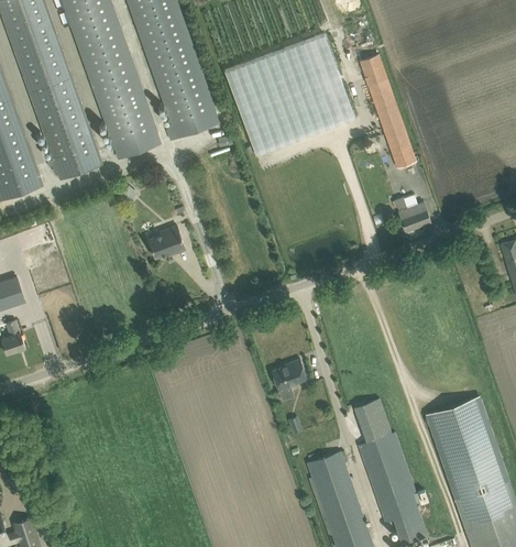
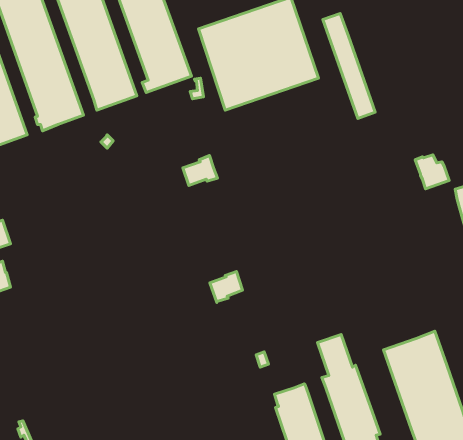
building: [394,195,430,231] -> [415,155,449,189]
building: [147,226,185,258] -> [183,156,218,185]
building: [271,359,306,392] -> [210,272,243,302]

